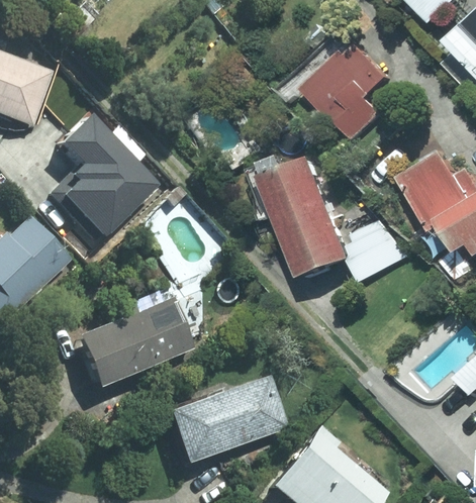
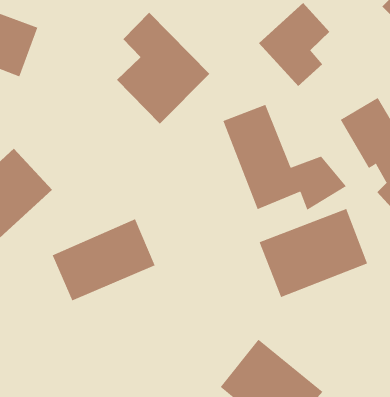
building: [44,115,154,245] -> [116,12,210,124]
building: none -> [259,208,368,298]
building: [160,368,286,464] -> none

